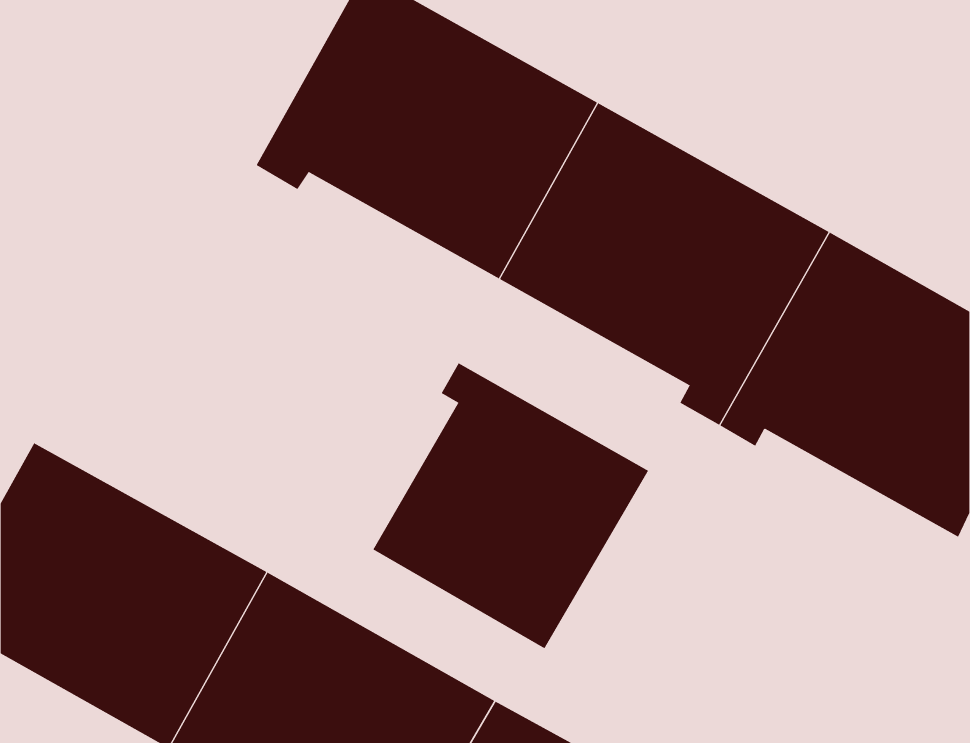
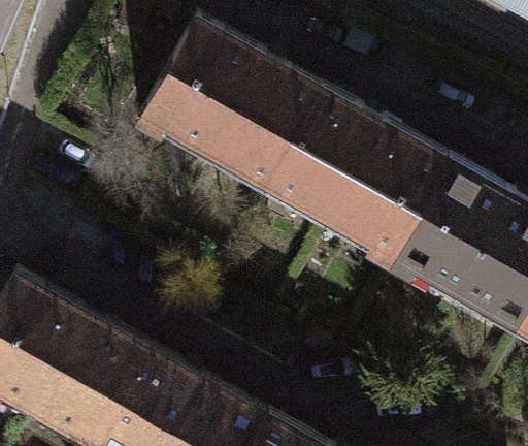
building: [373,362,649,649] -> none

